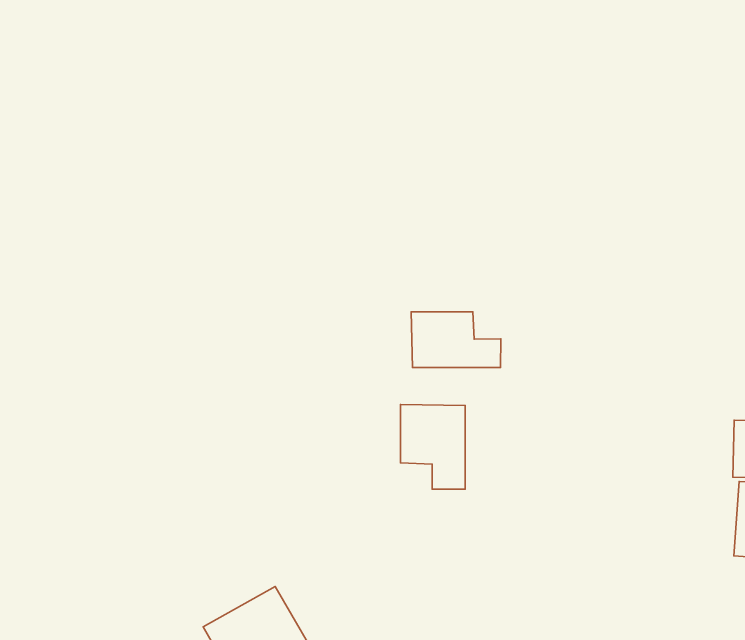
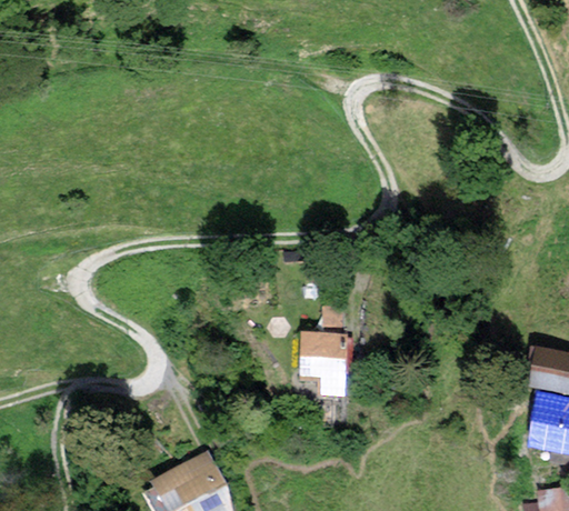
building: [411,312,501,367] -> none

